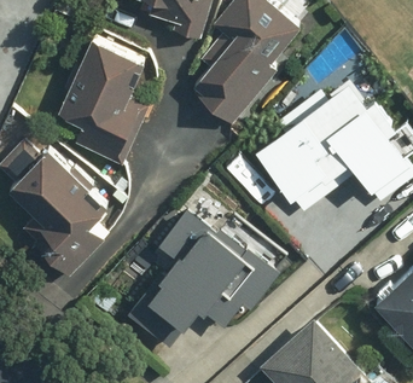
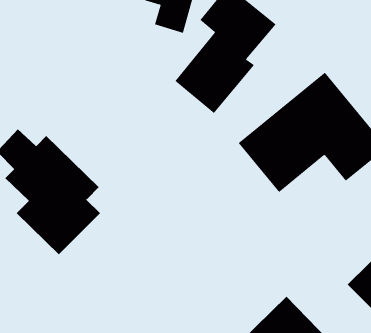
building: [56,40,151,166] -> none
building: [129,209,277,350] -> none

